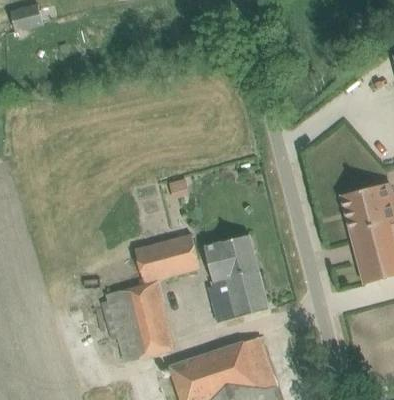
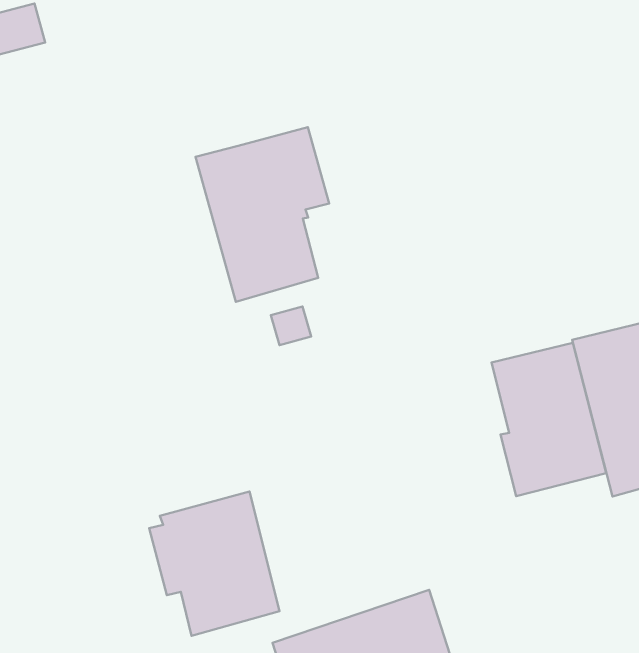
building: none -> [195,127,329,302]
building: [135,233,200,282] -> none
building: [203,234,268,321] -> [492,343,606,496]

